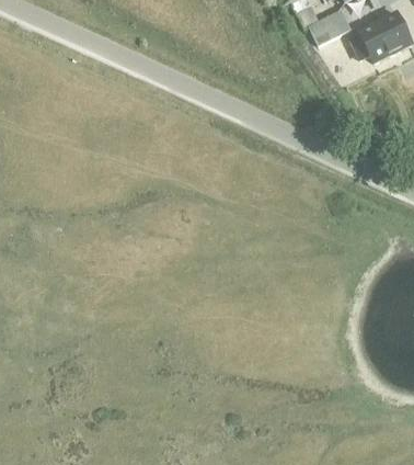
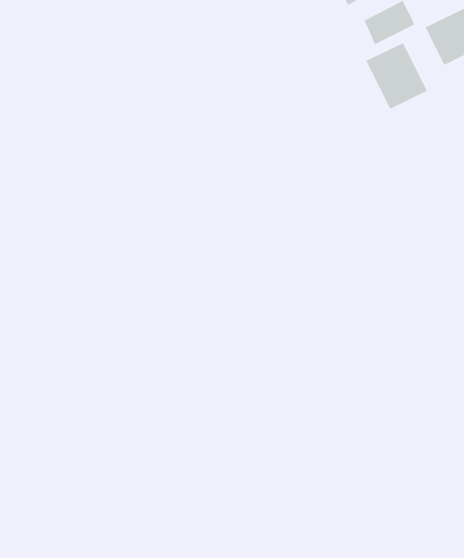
building: none -> [366,42,428,109]

